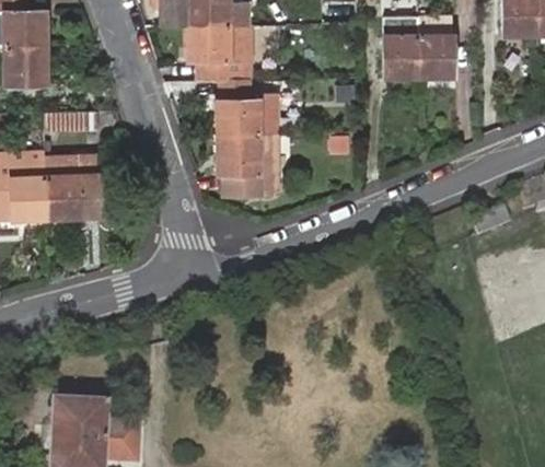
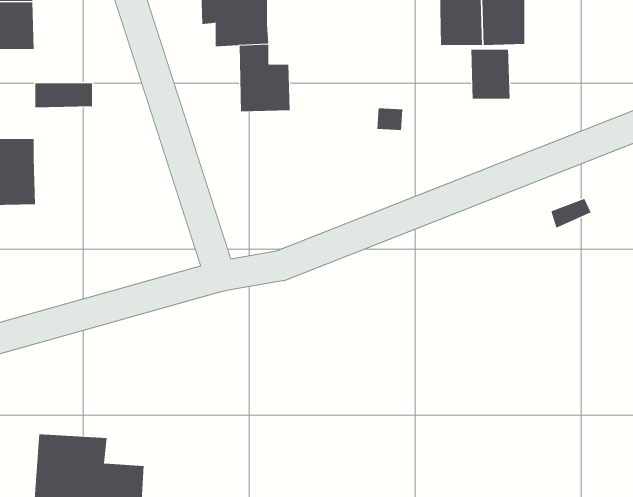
building: none -> [471,49,510,100]
building: [219,136,277,195] -> none
building: [49,151,109,213] -> none

